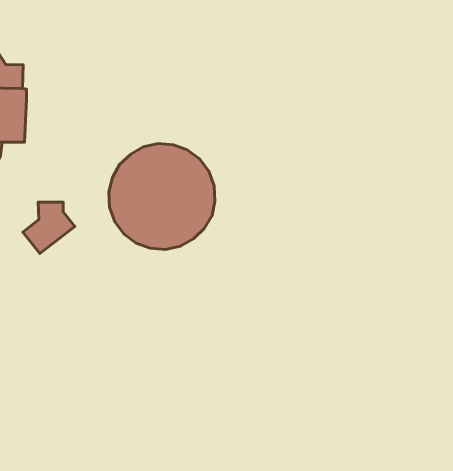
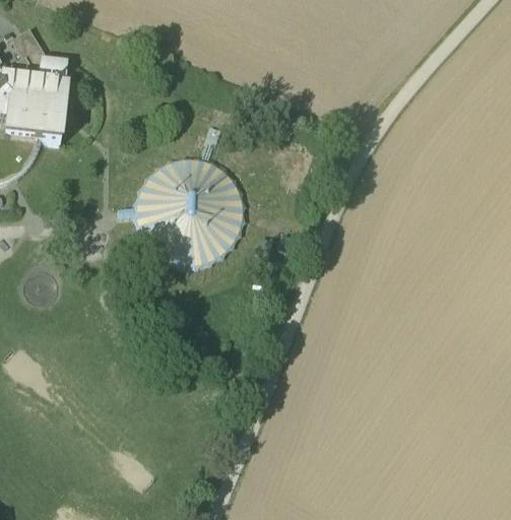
building: [23,202,75,253] -> none

